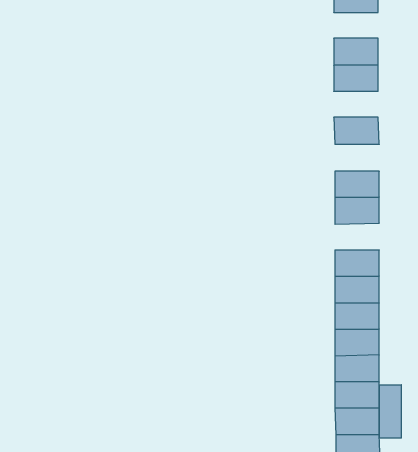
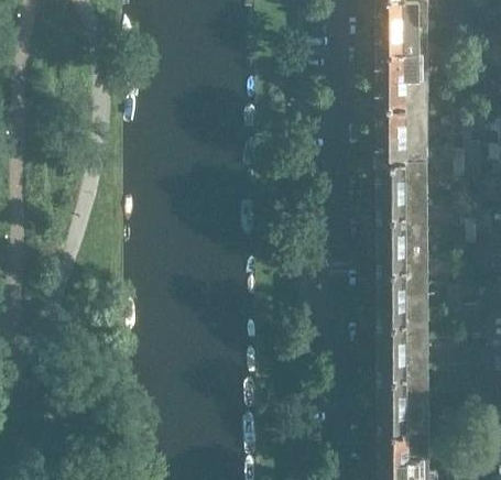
building: none -> [385,23,431,50]
building: none -> [385,103,431,130]
building: none -> [386,157,432,185]
building: none -> [386,238,432,265]
building: [379,385,401,438] -> none

